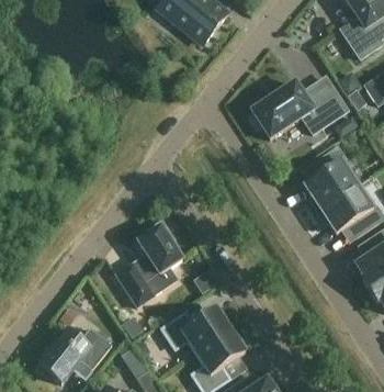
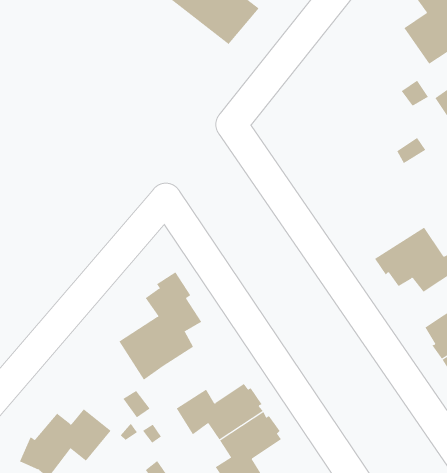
building: [249,77,348,137] -> none
building: [305,146,358,210] -> none

